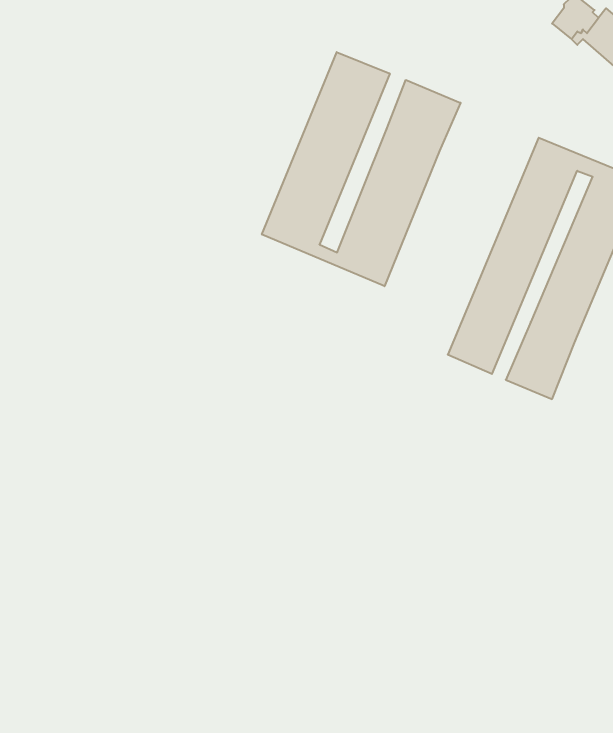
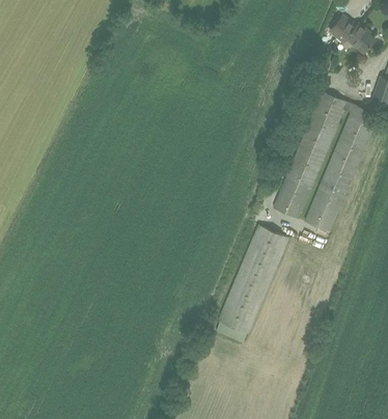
building: [262,52,461,286] -> none
building: none -> [213,225,288,343]

